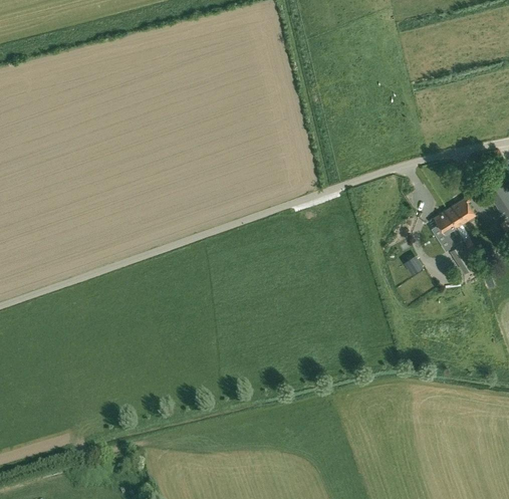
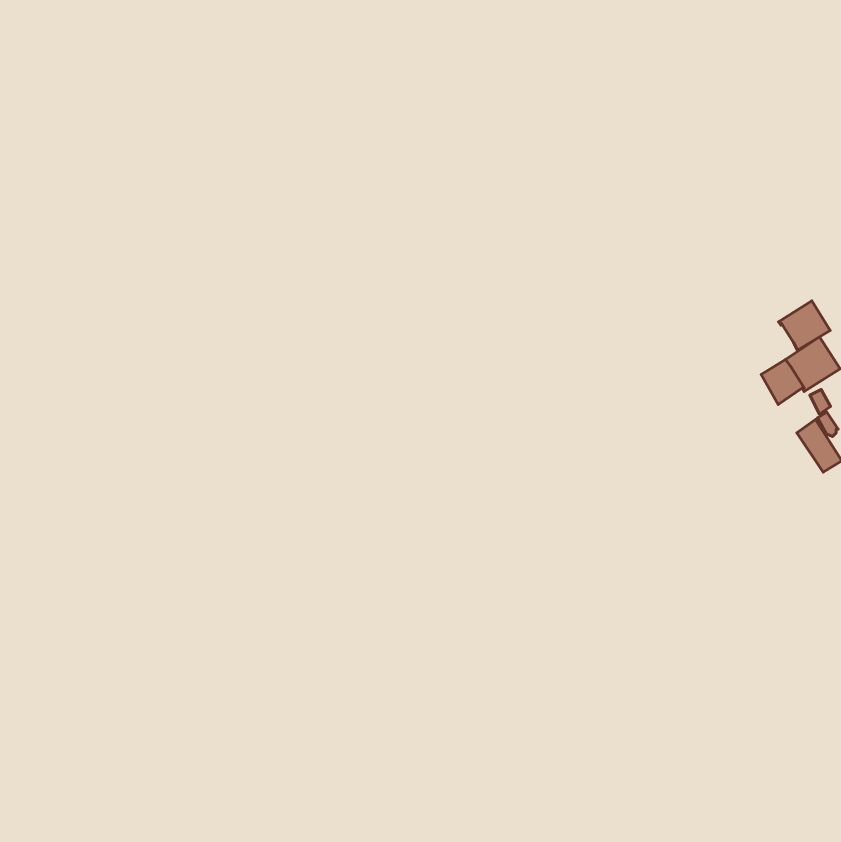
building: none -> [778,301,830,350]

